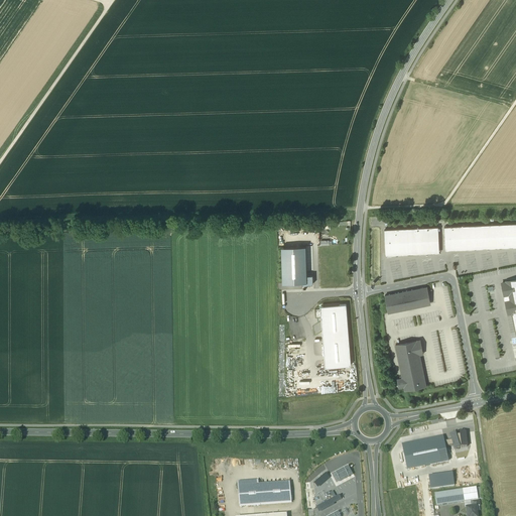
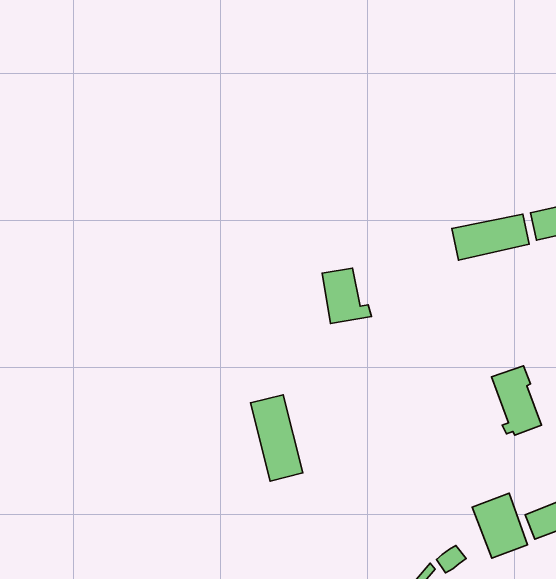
building: [384,287,427,310] -> none
building: [320,306,351,369] -> [250,395,303,481]
building: none -> [472,493,527,558]

